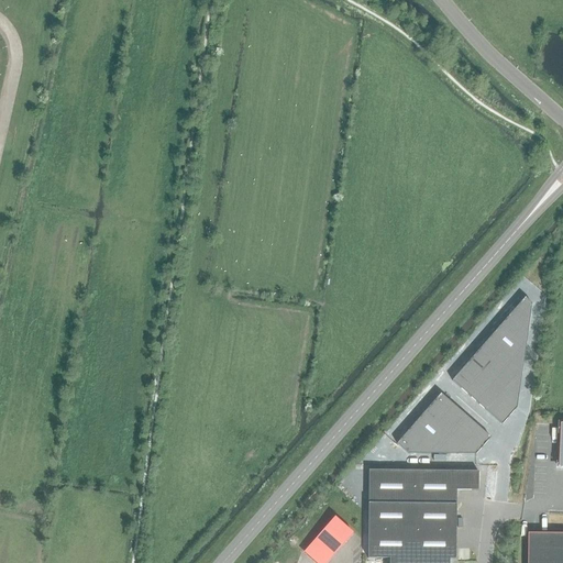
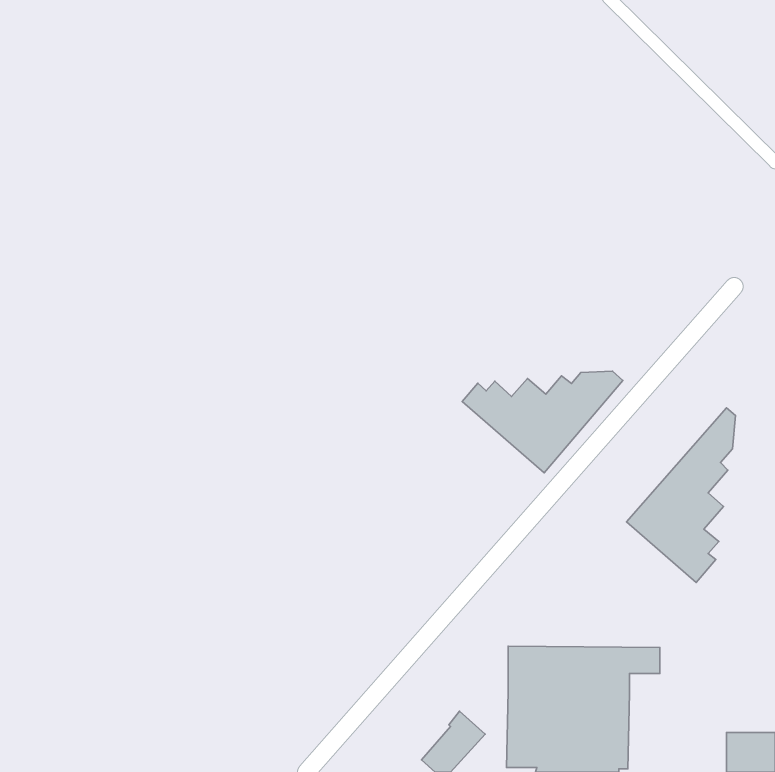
building: none -> [462,371,623,473]
building: [398,393,493,453] -> none

